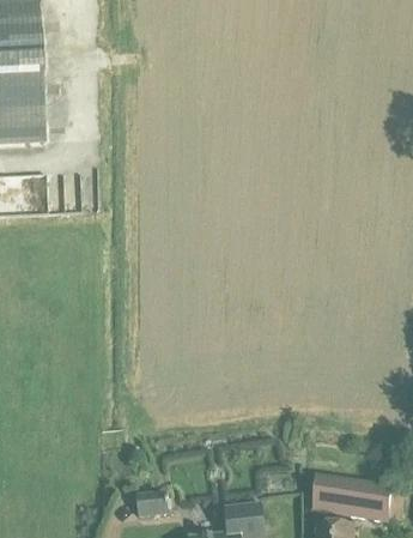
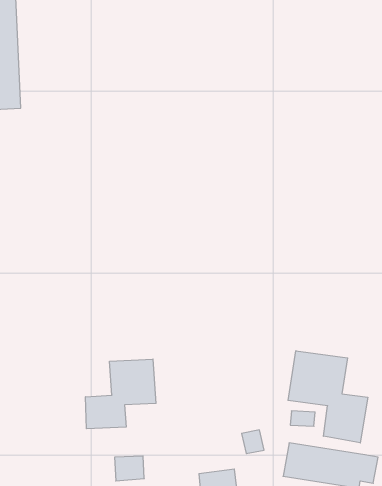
building: none -> [288,351,368,443]
building: none -> [86,359,156,429]

